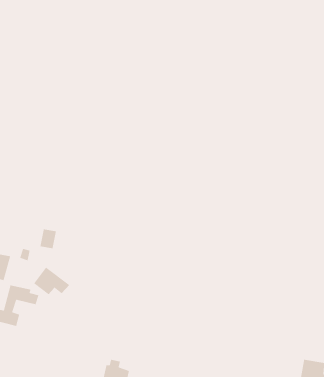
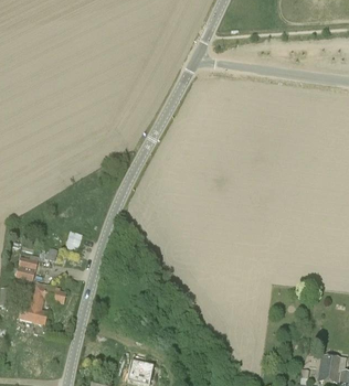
building: [33,266,70,295] -> none

